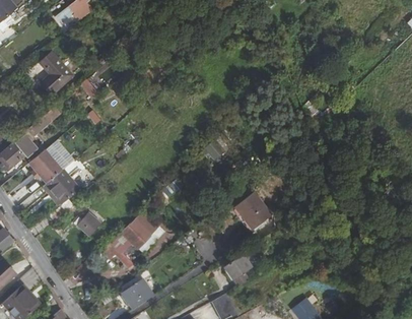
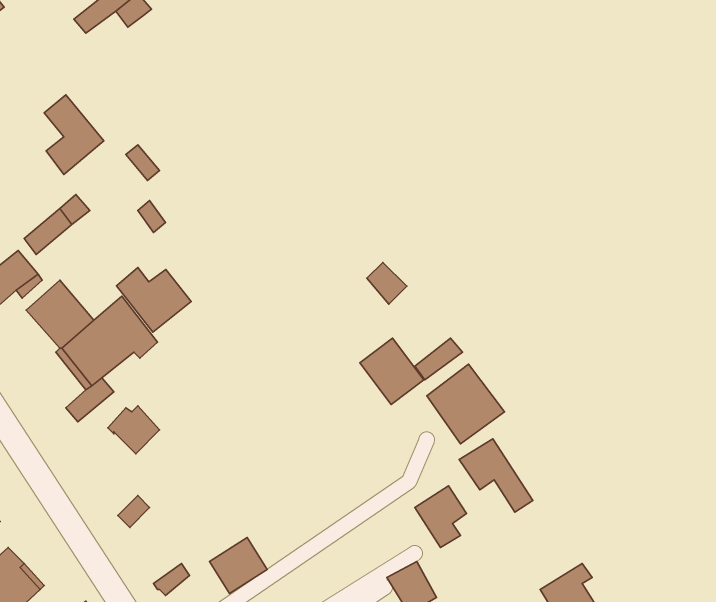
building: none -> [116,268,191,332]
building: none -> [360,338,424,405]
building: [100,220,149,266] -> none
building: none -> [459,439,533,512]

